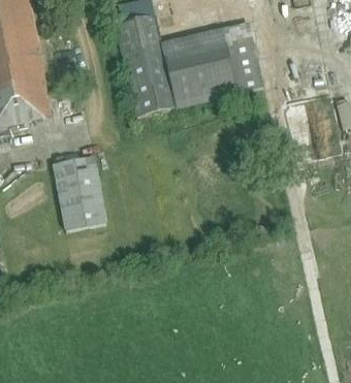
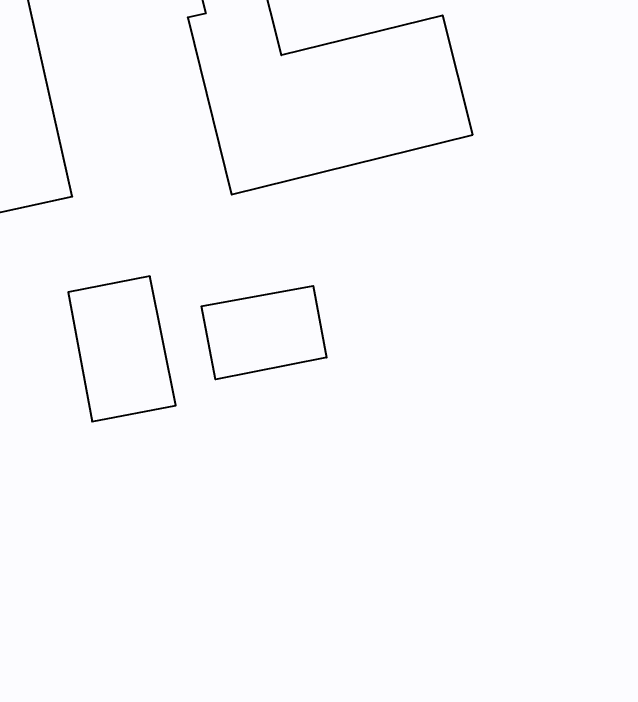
building: none -> [201,286,327,379]

